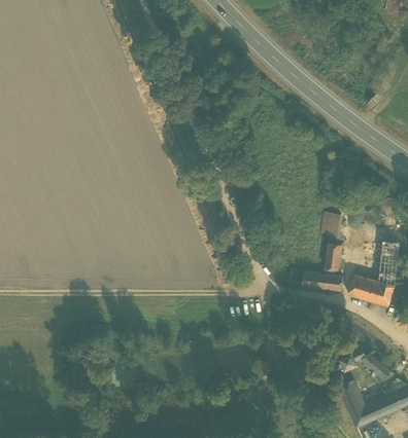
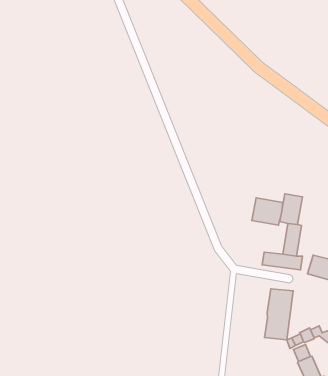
building: none -> [252,198,283,225]
building: none -> [264,289,293,340]

